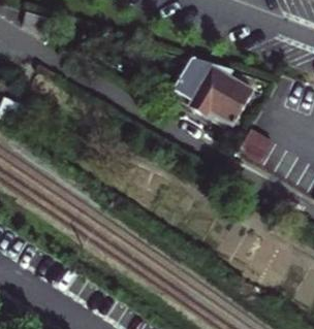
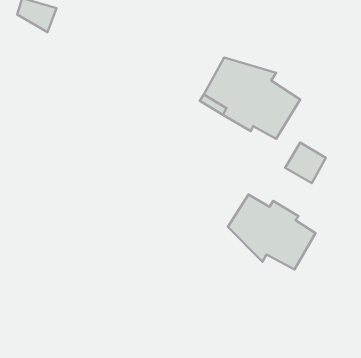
building: none -> [228,195,315,269]

